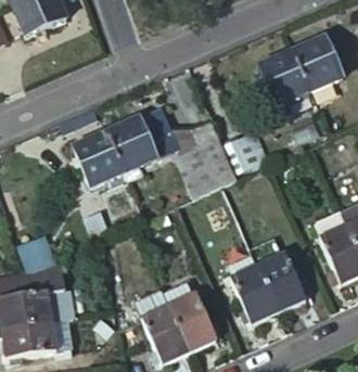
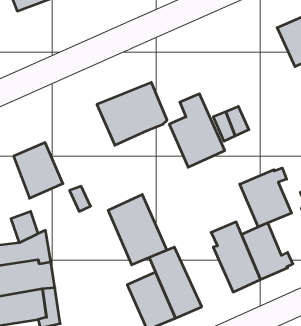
building: [261,50,314,105] -> none
building: [76,129,127,187] -> [14,143,63,198]
building: none -> [240,168,292,227]
building: none -> [108,194,167,265]

